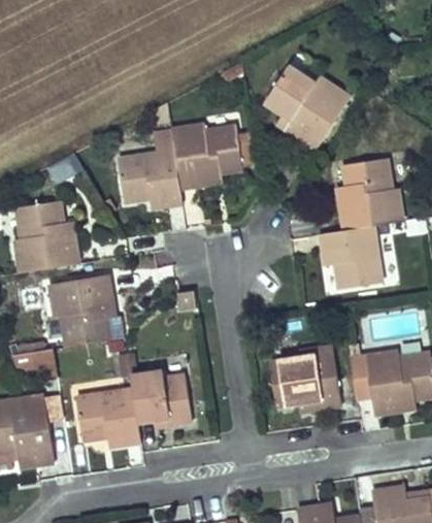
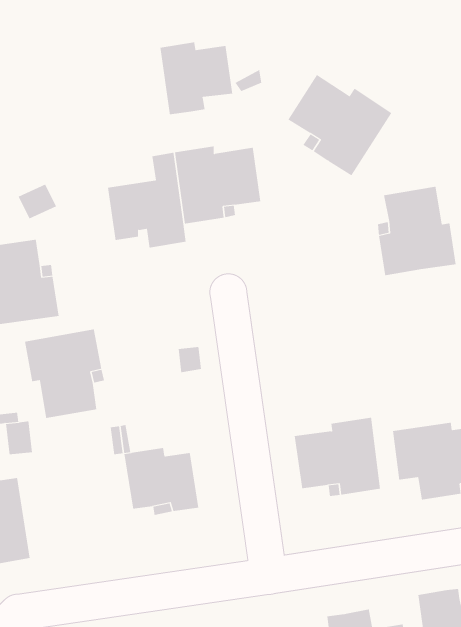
building: none -> [160,41,233,115]
building: [321,225,383,289] -> none
building: [76,389,141,447] -> none

